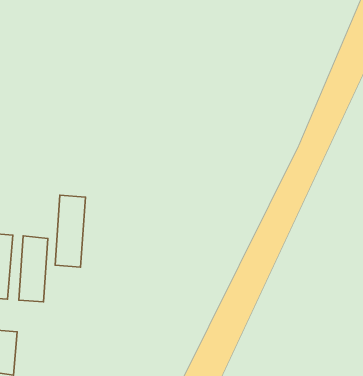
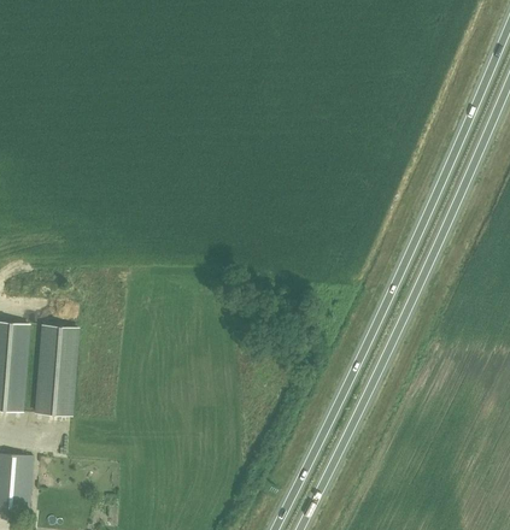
building: [55,195,85,267] -> none

